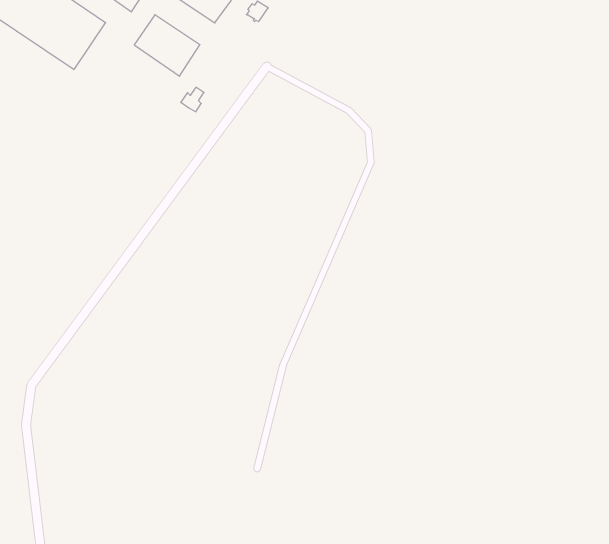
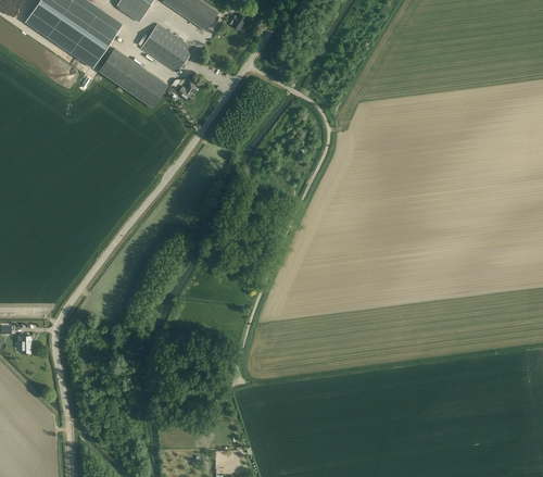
building: none -> [98,48,167,108]

